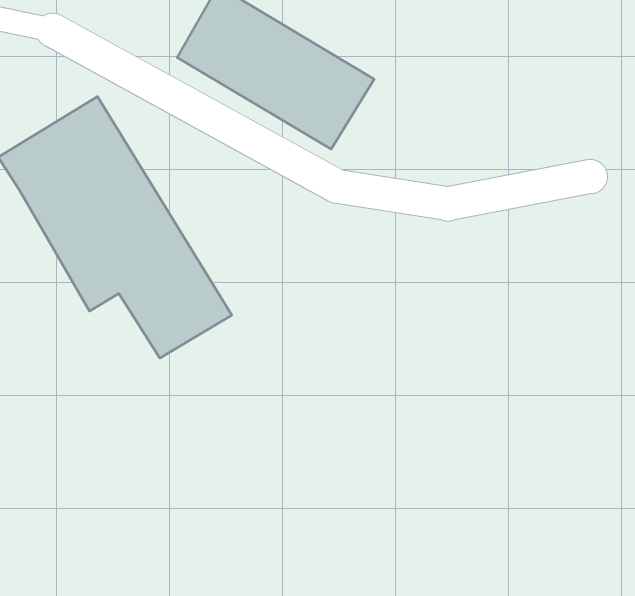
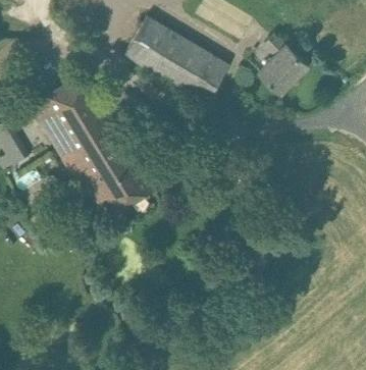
building: none -> [259,35,307,94]

